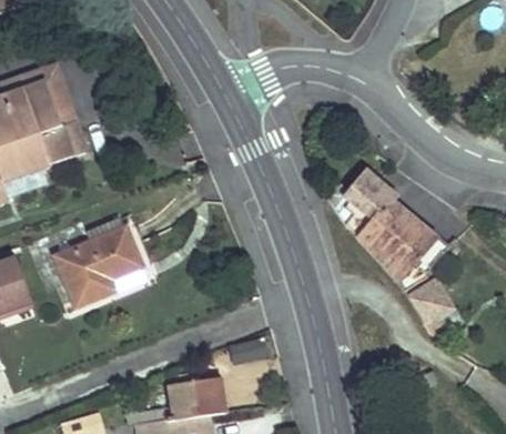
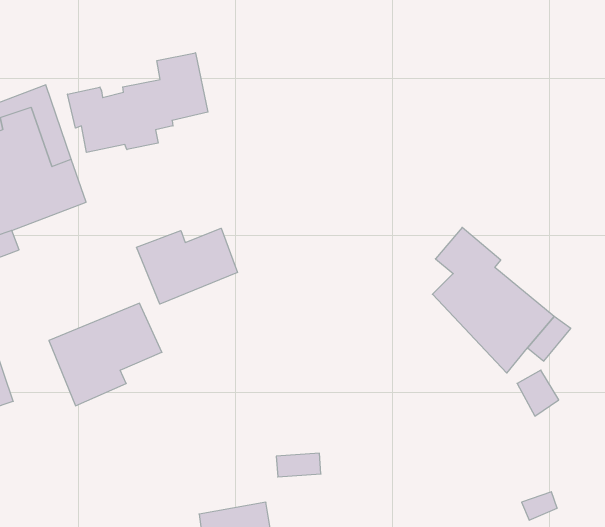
building: none -> [68,53,208,152]
building: none -> [136,228,238,304]

